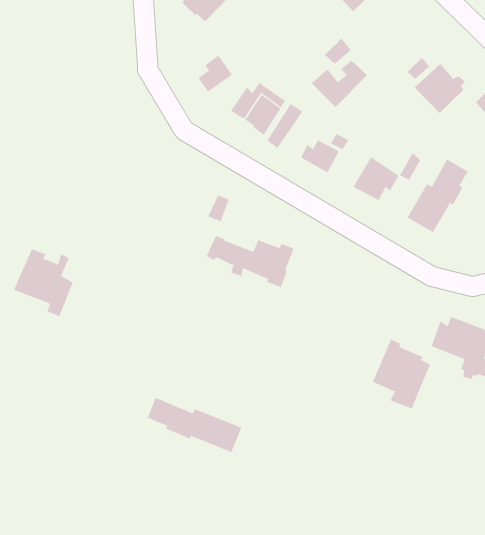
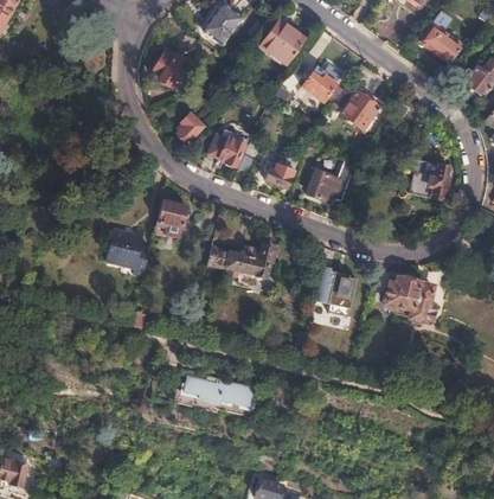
building: [311,60,368,108] -> [301,63,342,101]
building: [407,158,468,233] -> none
building: none -> [155,200,186,238]
building: [13,249,73,317] -> [104,229,148,276]
building: [372,339,431,409] -> [310,264,352,314]

